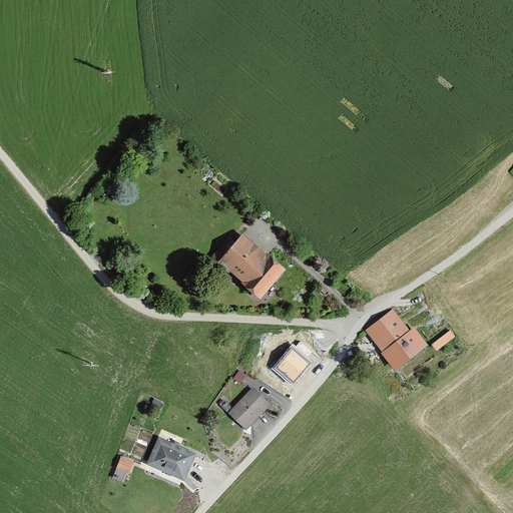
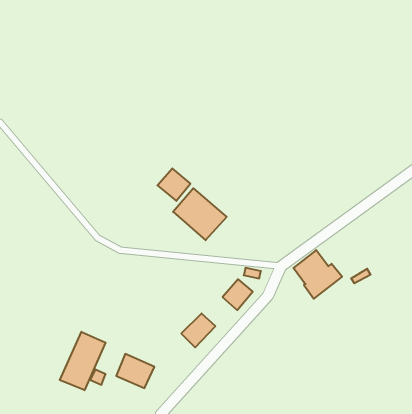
building: none -> [157,168,190,201]
building: none -> [60,332,105,390]

